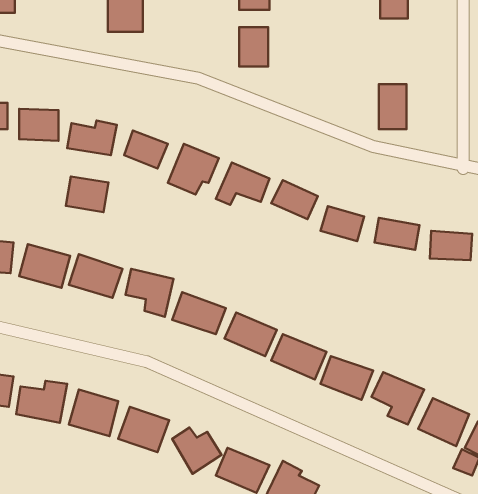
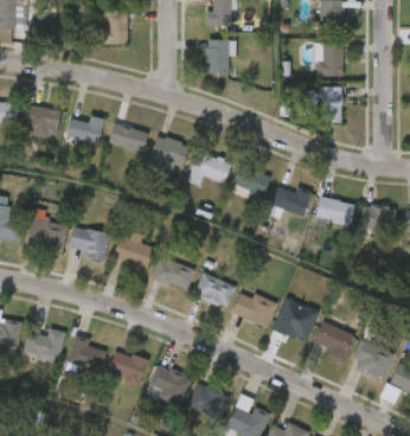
building: none -> [318,43,344,77]
building: [66,176,108,212] -> none

